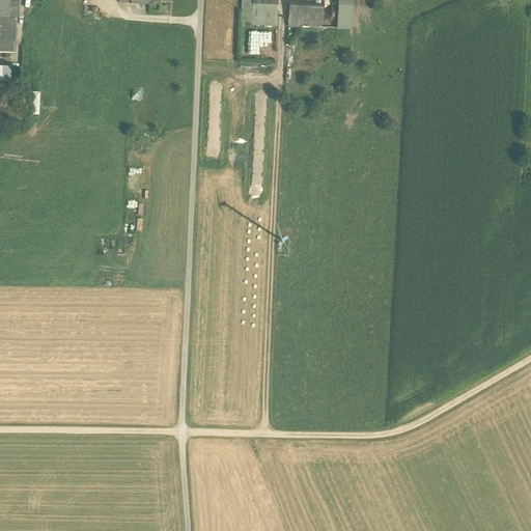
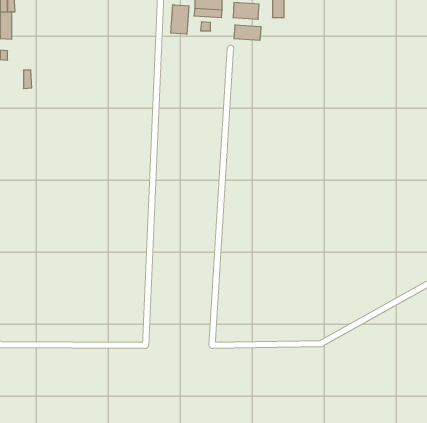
building: none -> [171,5,189,34]
building: none -> [234,25,261,40]

